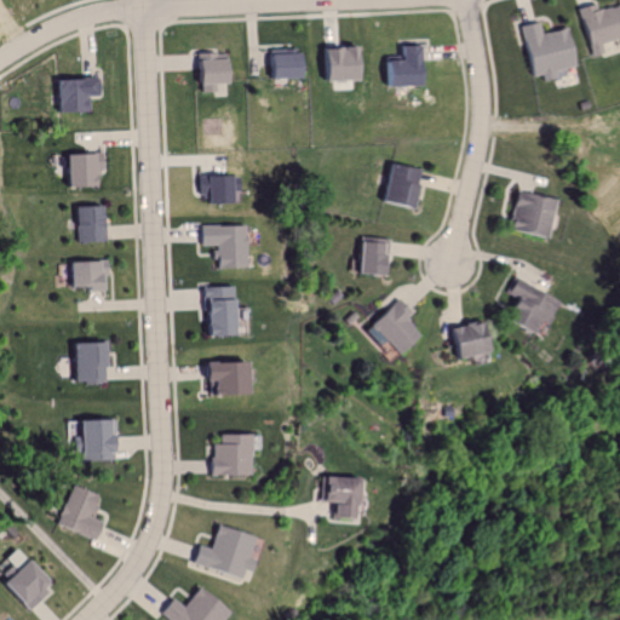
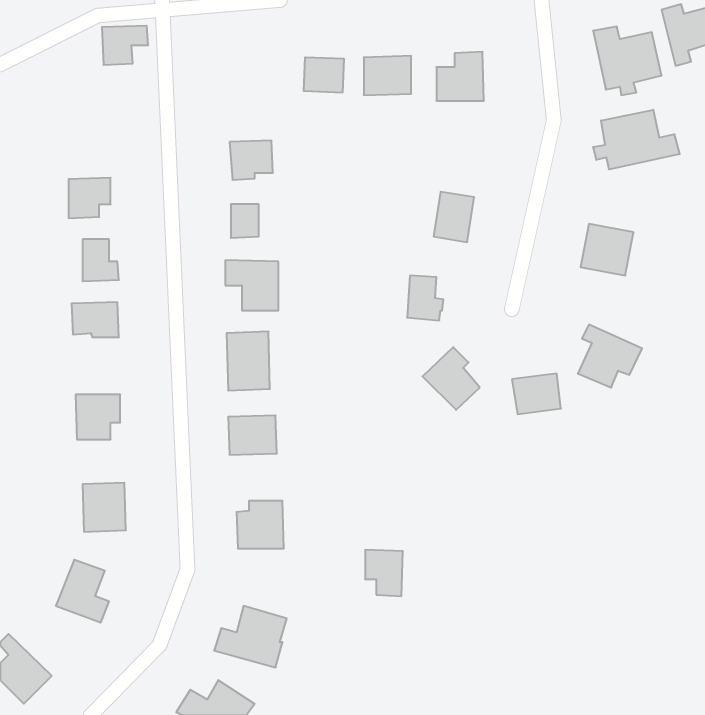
building: [197,56,235,90] -> [230,141,273,180]
building: [58,80,98,114] -> [102,26,148,65]
building: none -> [593,110,680,169]

